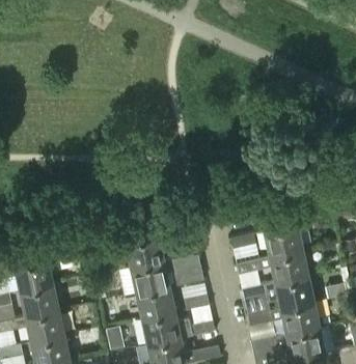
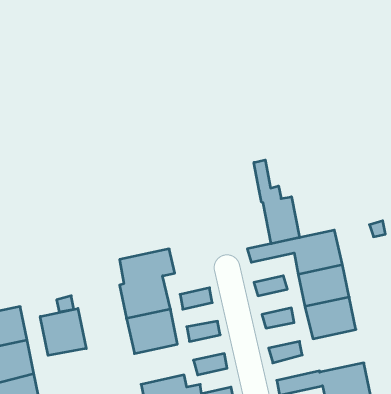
building: none -> [254,160,300,244]
building: none -> [40,308,86,355]
building: [275,278,314,311] -> none
building: [137,289,175,320] -> none

